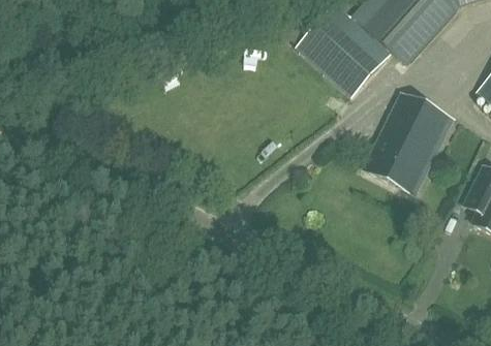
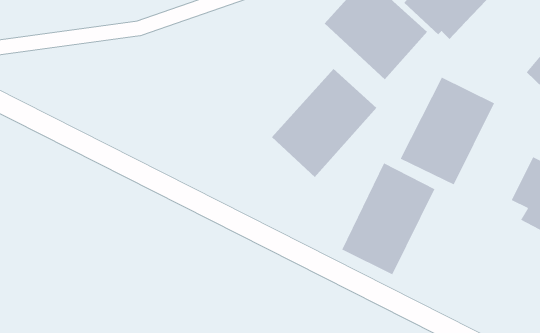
building: none -> [271,68,377,178]
building: none -> [342,162,435,275]

